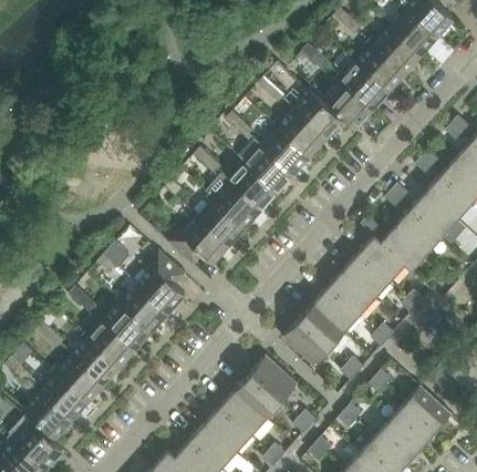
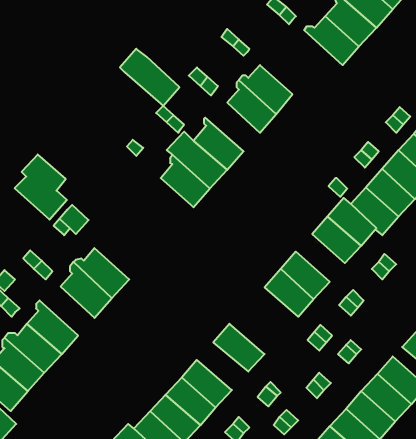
building: [324,75,373,126] -> none
building: [294,88,341,136] -> none
building: [238,136,294,191] -> [120,49,179,106]
building: [170,216,231,264] -> none
building: [137,250,187,312] -> [15,154,67,220]
building: [329,269,375,315] -> none
building: [85,319,137,366] -> none
building: [283,320,331,366] -> none
building: [235,372,283,418] -> none

